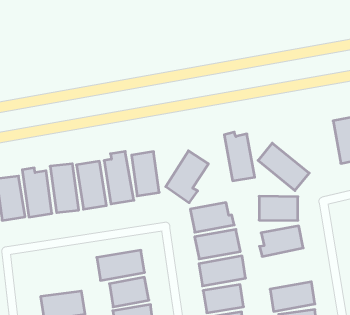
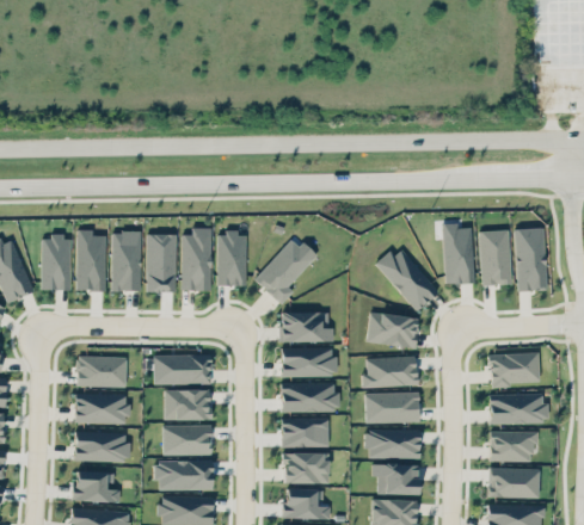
building: [224,132,255,181] -> [443,223,473,284]
building: none -> [365,393,418,424]
building: none -> [76,357,125,388]

